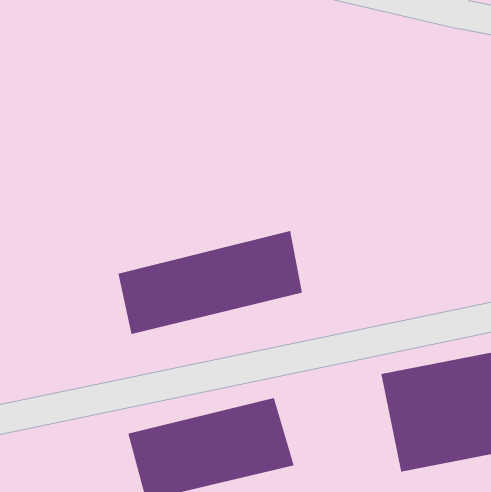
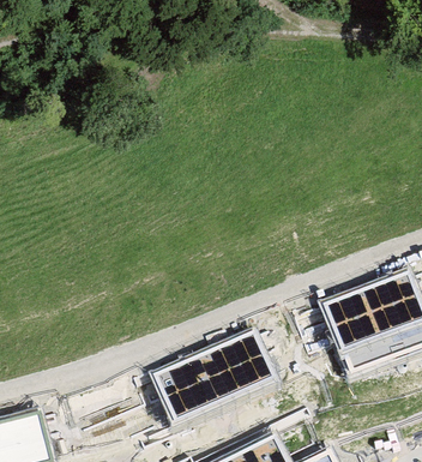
building: [118,230,302,335] -> none

